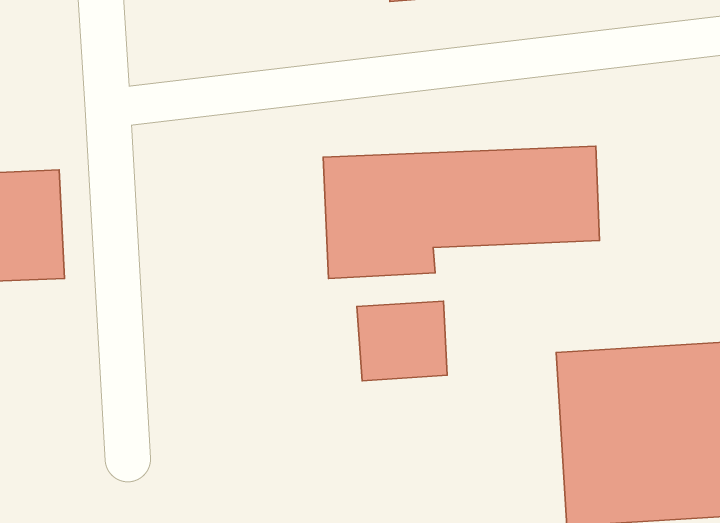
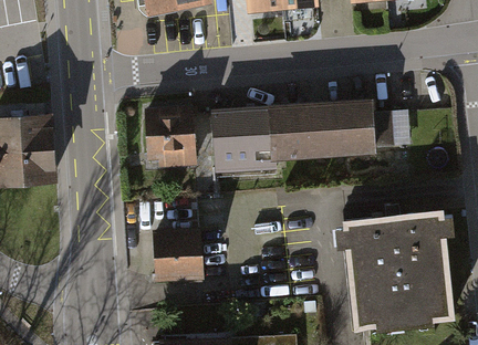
building: none -> [141,107,198,170]
building: [357,301,447,381] -> [152,230,207,279]

